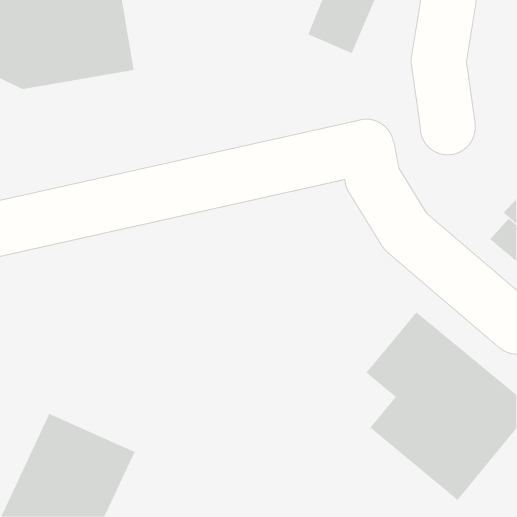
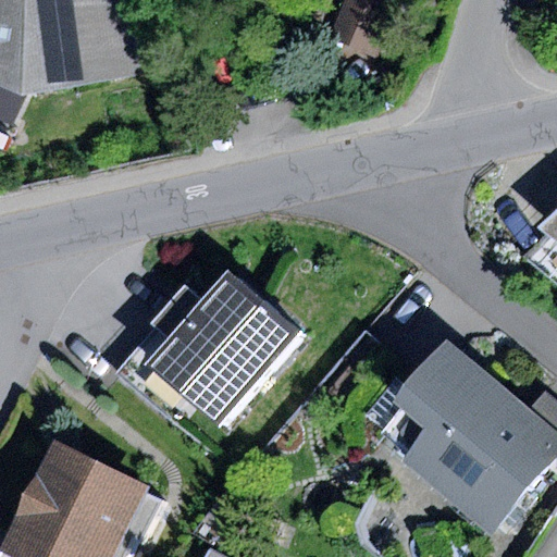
building: none -> [113,272,297,426]

